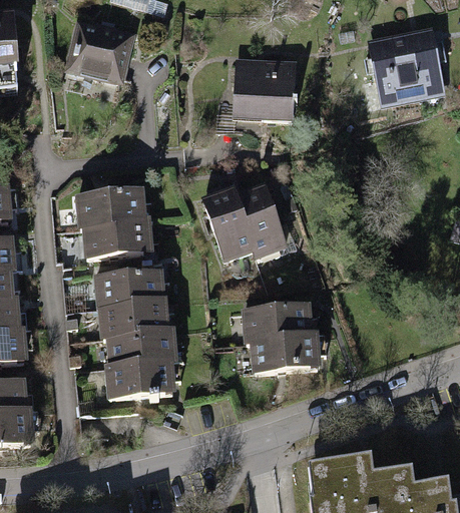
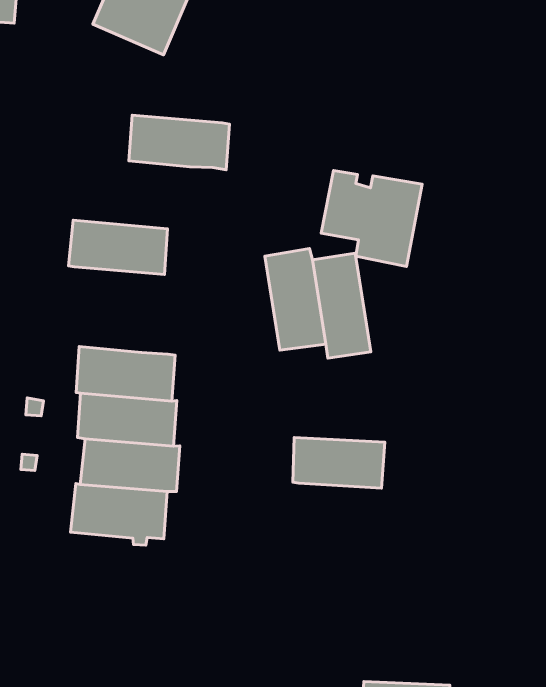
building: [235,62,295,117] -> [321,170,422,267]
building: [82,220,149,255] -> [129,115,230,170]
building: [252,334,317,372] -> none

